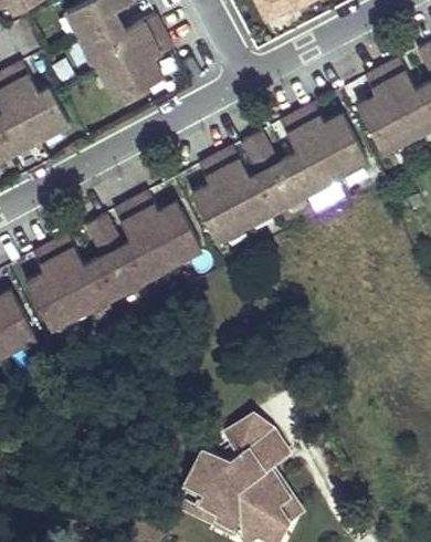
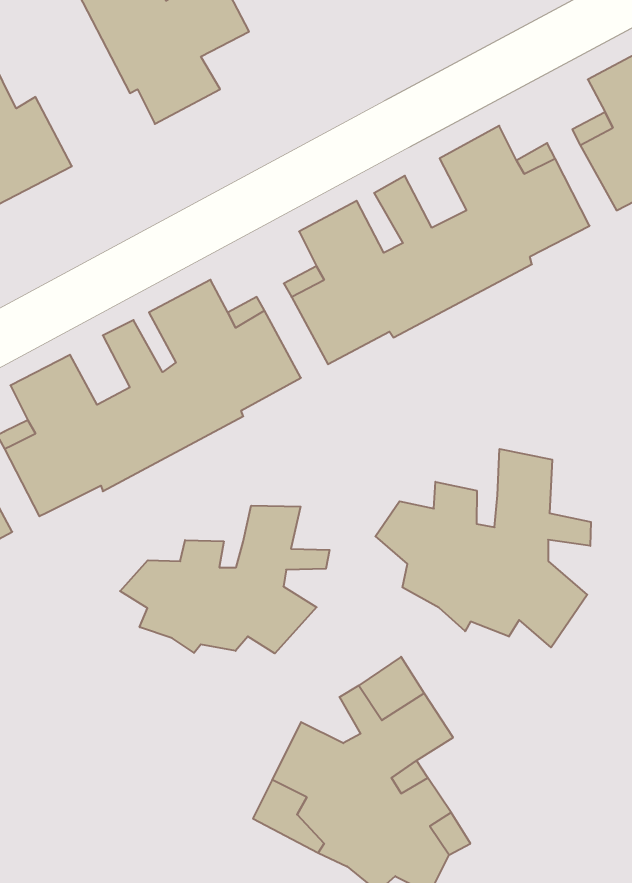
building: none -> [375,449,591,647]
building: none -> [120,506,330,653]

